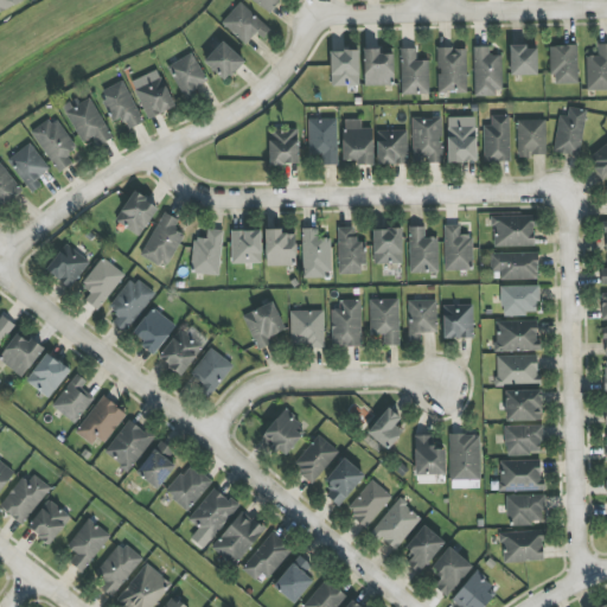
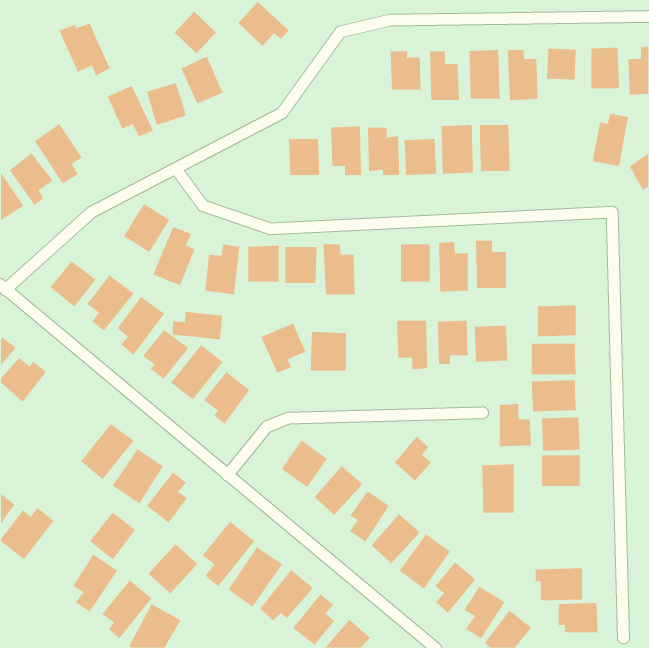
building: [204,40,244,81] -> [174,11,217,54]
building: [331,50,359,85] -> none
building: [63,96,111,146] -> [59,23,111,76]
building: [484,114,510,161] -> none
building: [517,119,547,155] -> none
building: [493,215,536,245] -> none
building: [338,226,364,274] -> none
building: [491,251,538,279] -> none
building: none -> [172,311,222,340]
building: [331,299,362,346] -> none
building: [26,352,70,397] -> none
building: [52,373,95,422] -> none
building: [415,434,446,474] -> [499,404,532,447]
building: [499,459,542,490] -> none
building: [165,462,212,510] -> [147,543,198,594]
building: [506,494,544,523] -> [558,602,599,633]
building: [27,499,71,544] -> [89,512,136,560]

